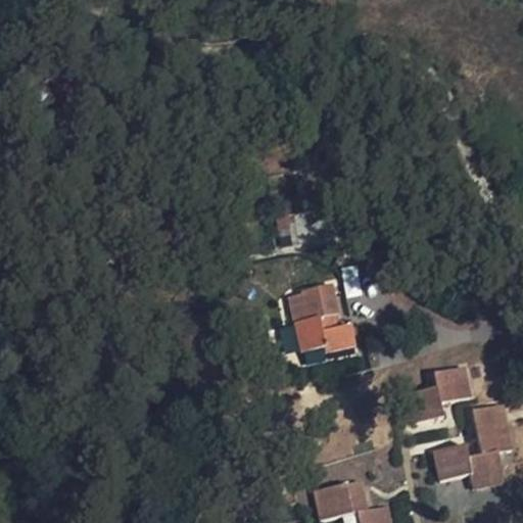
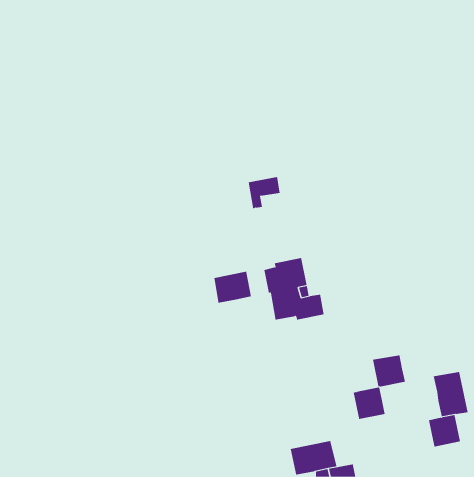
building: none -> [214,271,251,304]
building: [434,368,470,403] -> none
building: [435,444,471,480] -> [353,387,386,420]

